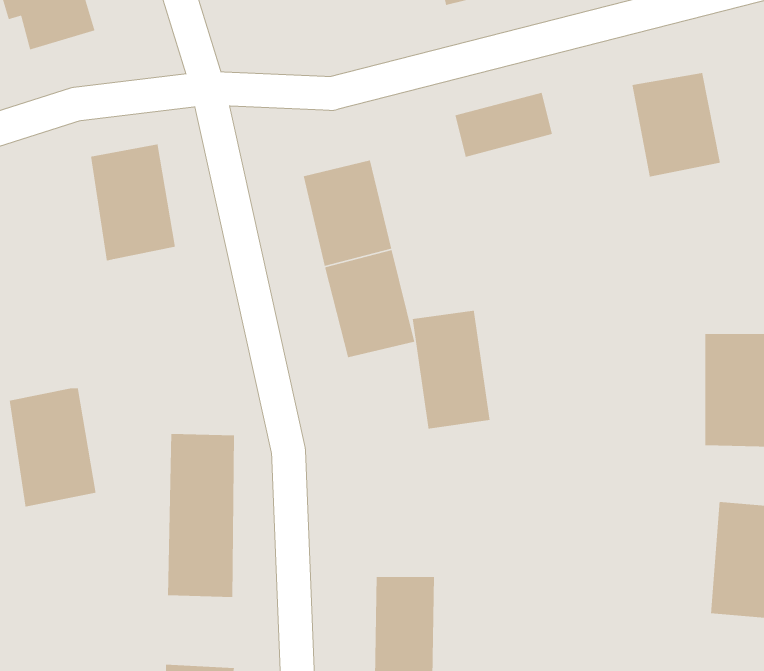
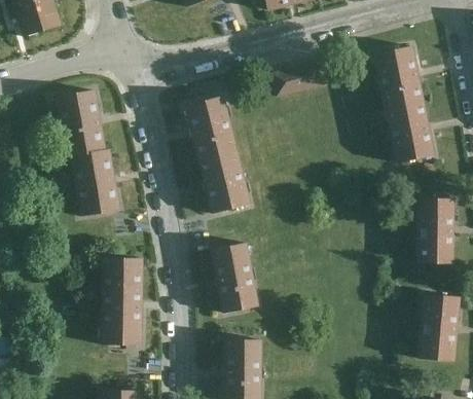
building: none -> [383,101,434,162]
building: [412,310,491,430] -> [210,241,255,310]
building: [9,388,96,507] -> [74,149,124,218]

